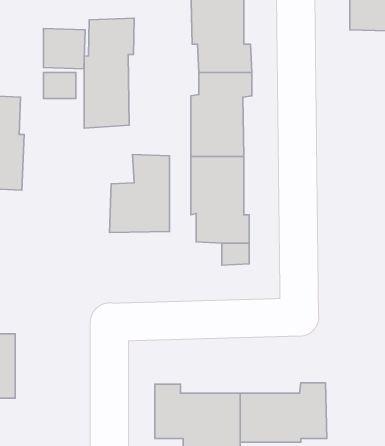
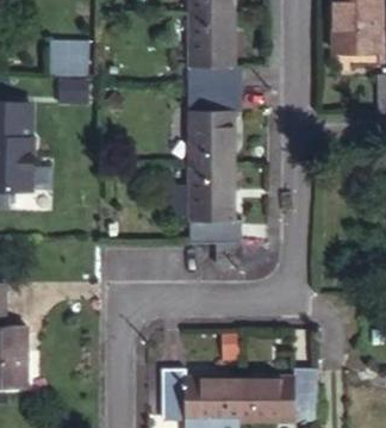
building: [84,18,134,128] -> none
building: [110,155,169,233] -> none

